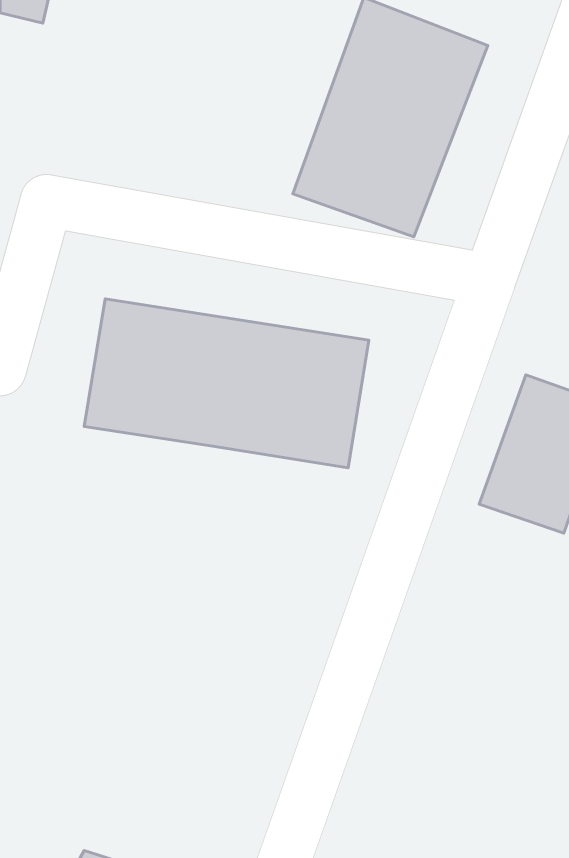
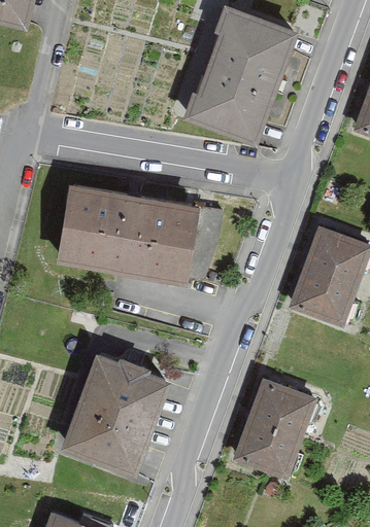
building: none -> [61,352,167,475]
building: none -> [236,380,313,475]

